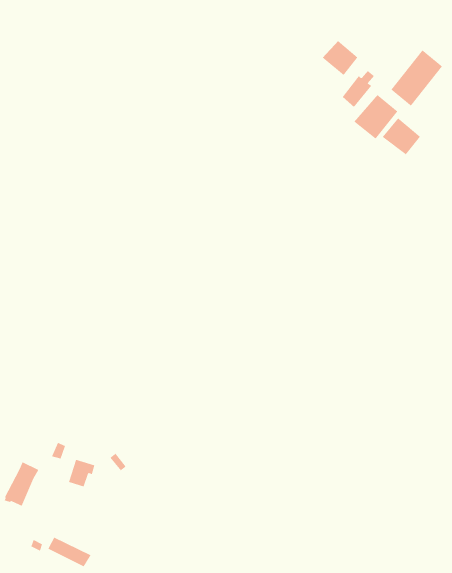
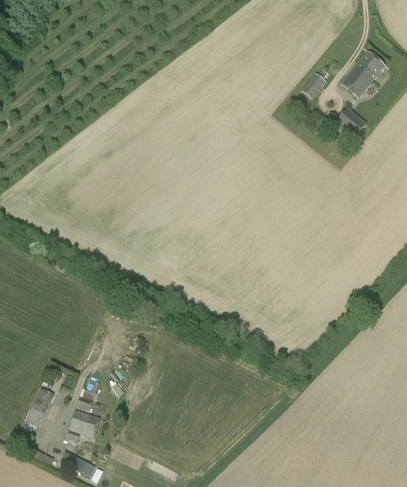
building: [322,40,358,76] -> none
building: [354,94,398,140] -> none
building: none -> [67,409,100,440]

